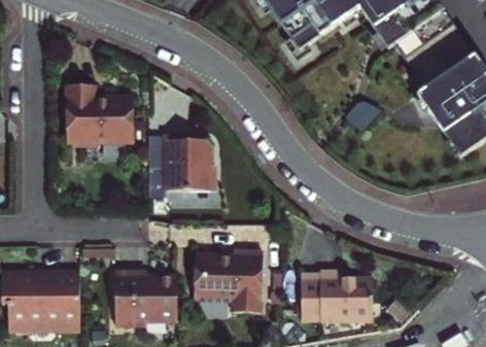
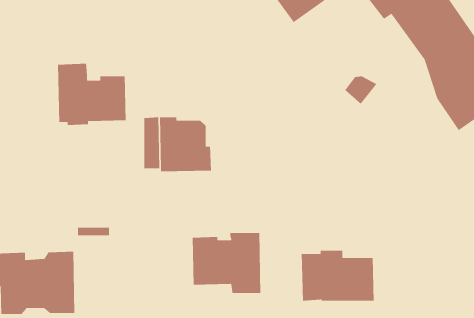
building: [115,270,178,325] -> none

